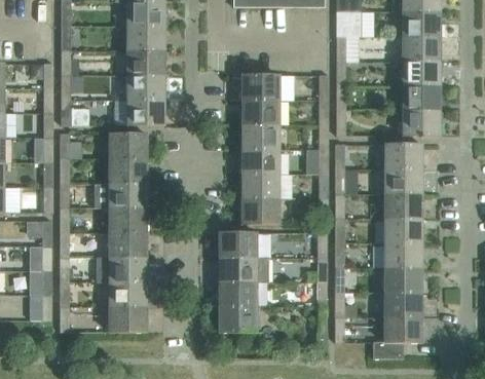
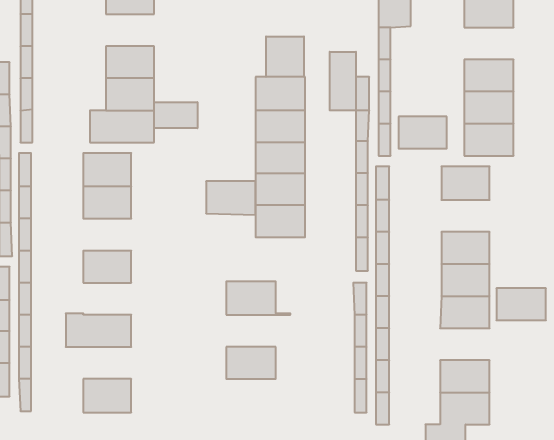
building: [126,26,163,50] -> none
building: [402,36,440,61] -> none
building: none -> [266,36,304,77]
building: none -> [330,52,356,110]
building: none -> [154,102,197,128]
building: [384,168,421,193] -> [399,117,447,149]
building: [95,183,146,207] -> none
building: [241,197,279,223] -> [206,181,256,215]
building: [109,232,146,257] -> none
building: [219,257,268,281] -> none
building: [383,267,421,292] -> [496,288,546,320]
building: [109,281,146,306] -> none
building: [219,306,257,332] -> none

